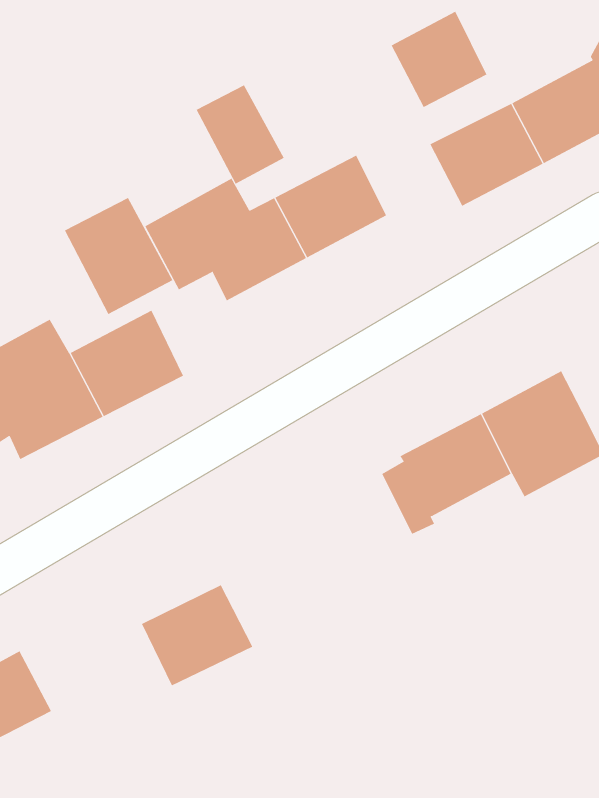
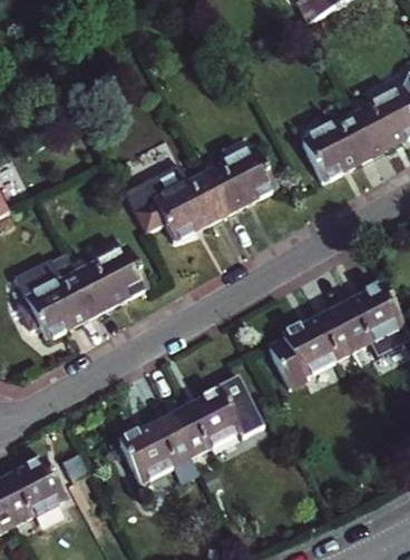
building: [391,11,487,108] -> none
building: [196,84,285,185] -> none
building: [64,197,173,315] -> none
building: none -> [169,381,250,454]

